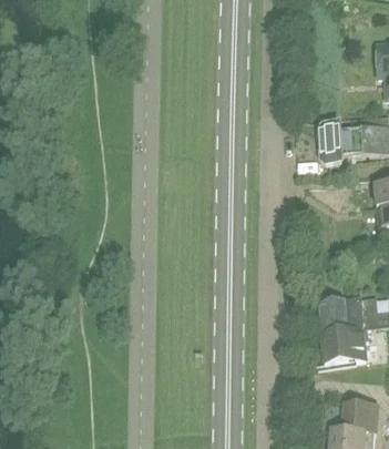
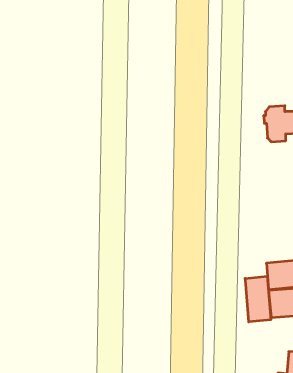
building: none -> [245,276,271,322]

